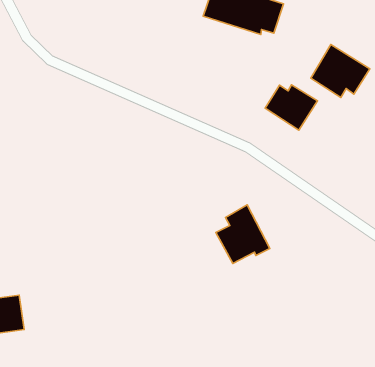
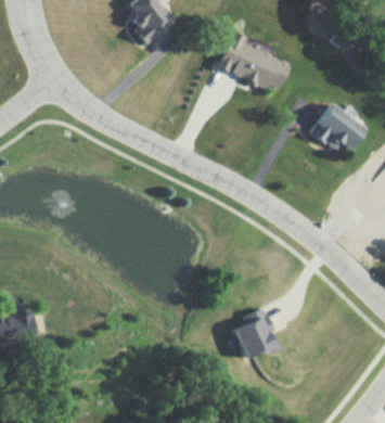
building: [265,85,317,130] -> none
building: [216,205,270,263] -> [234,307,282,359]

